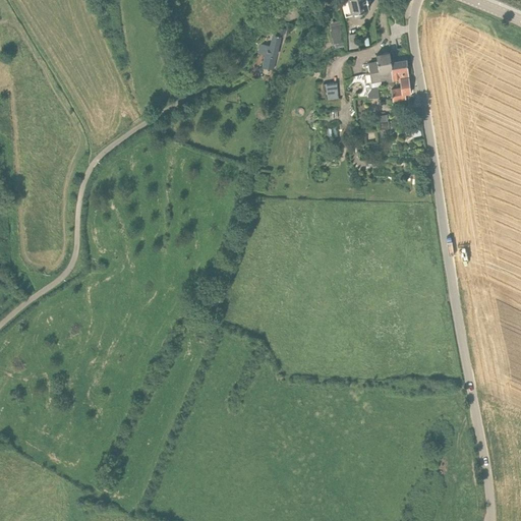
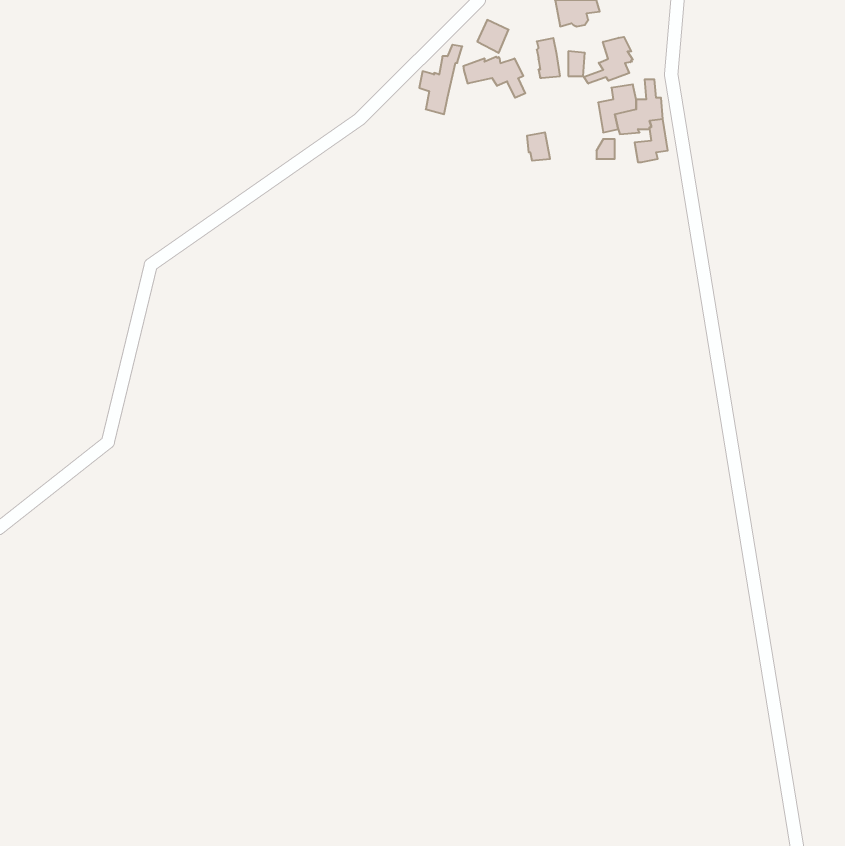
building: none -> [584,37,633,84]
building: none -> [463,57,525,98]

